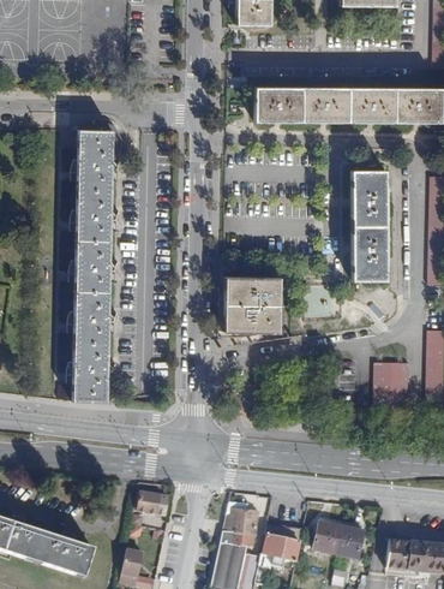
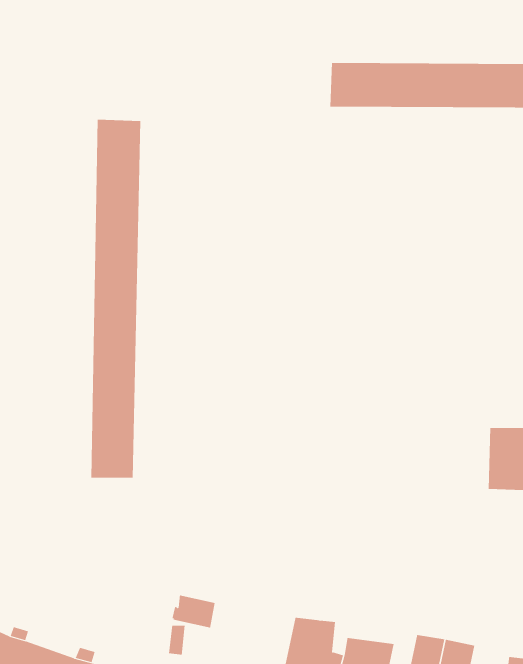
building: [352,169,386,280] -> none
building: [224,276,281,333] -> none

